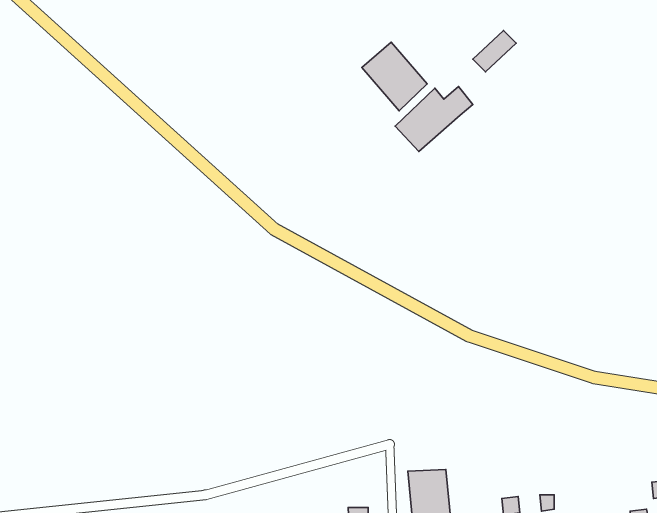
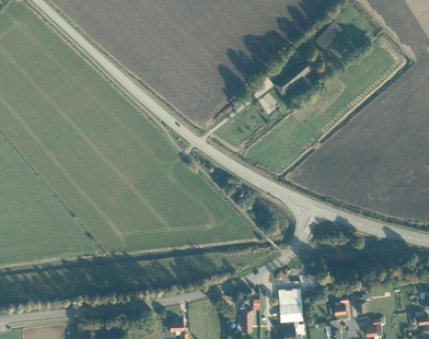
building: [362,42,427,111] -> none

